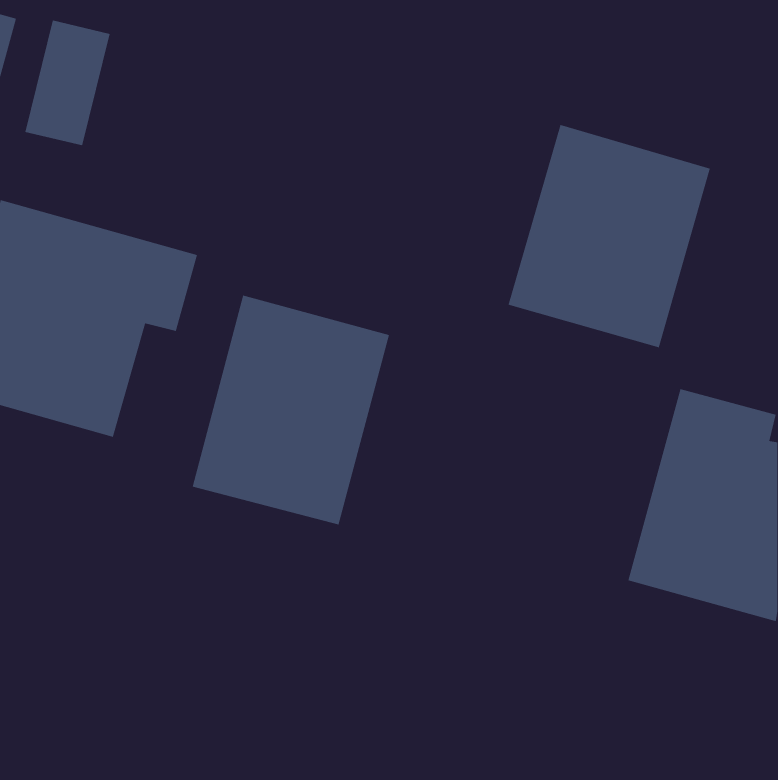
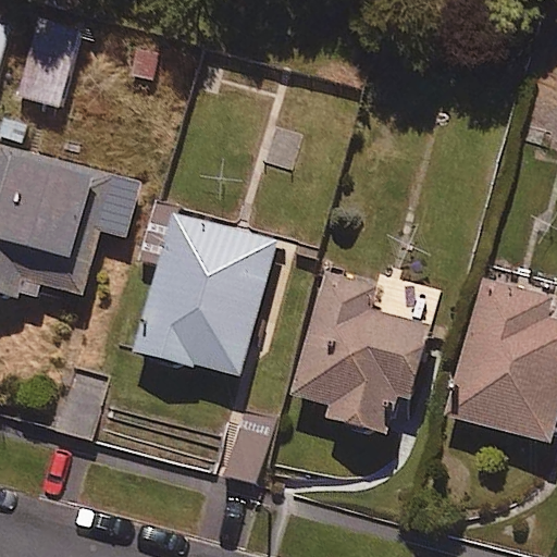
building: [508,124,711,348] -> none
building: none -> [290,271,432,434]

